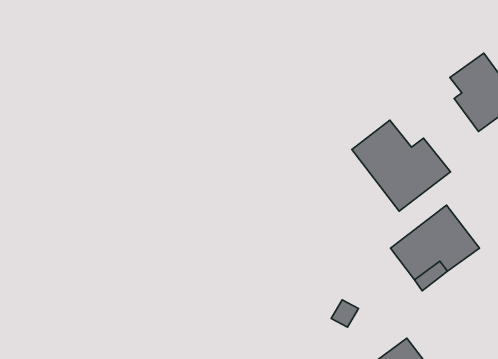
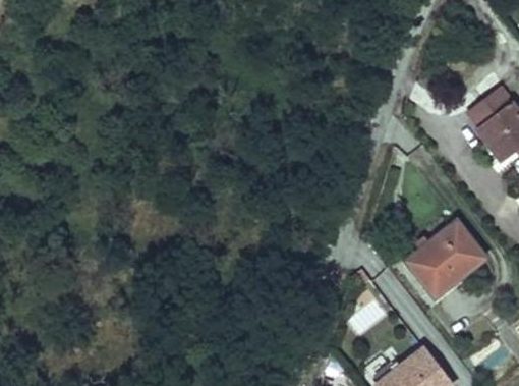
building: [352,120,451,211] -> none

